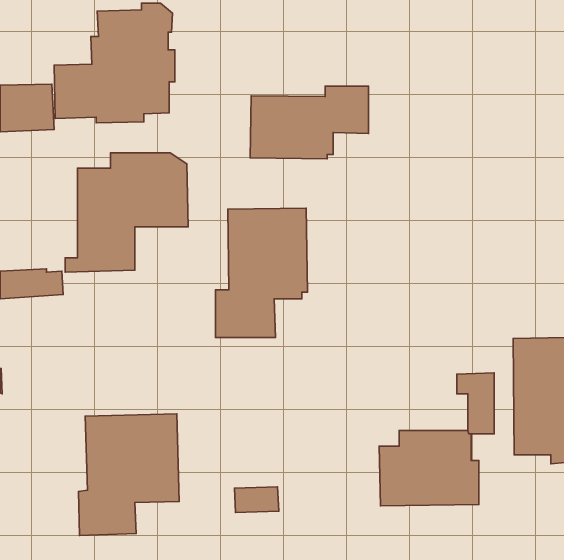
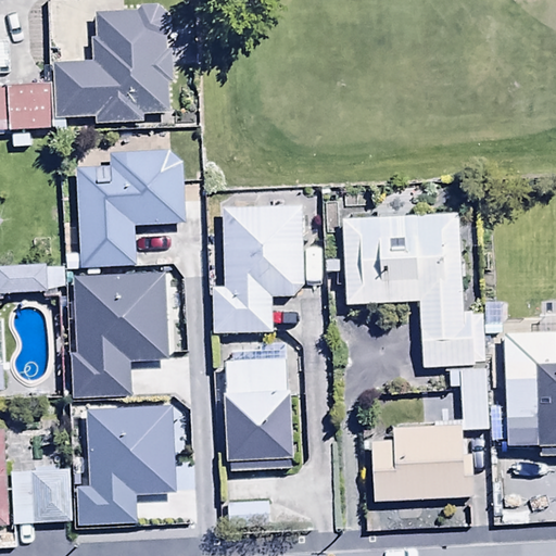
building: [250,86,369,159] -> none
building: none -> [341,207,484,366]
building: none -> [73,271,179,395]
building: none -> [224,358,295,470]
building: none -> [11,465,71,519]

